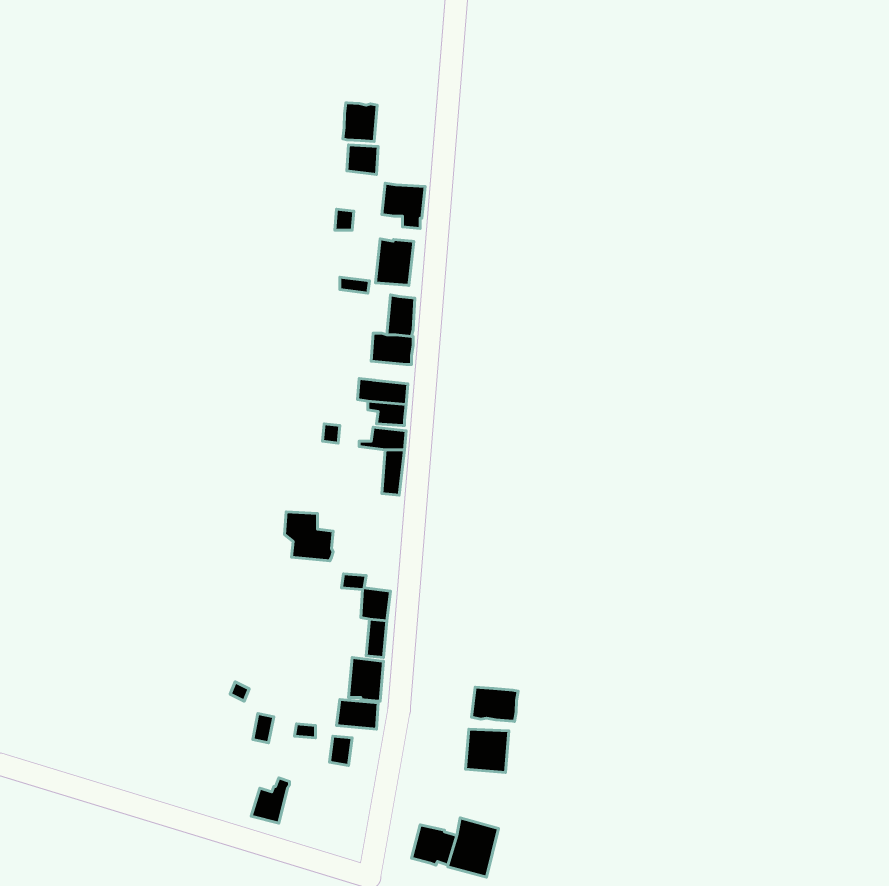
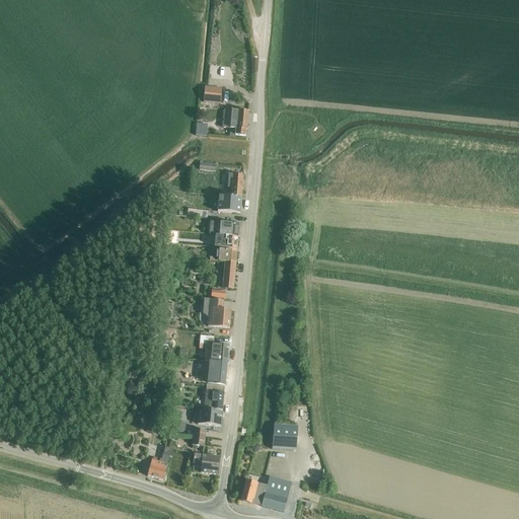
building: [343,103,377,141] -> none
building: [375,239,414,286] -> none
building: [284,512,333,561] -> [202,298,230,326]
building: [471,687,518,721] -> none
building: none -> [193,452,218,472]

